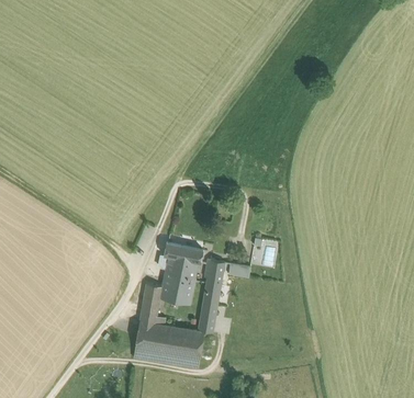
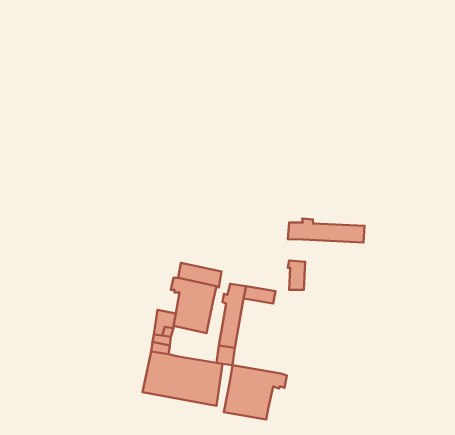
building: none -> [288,219,365,242]
building: none -> [224,365,287,419]

